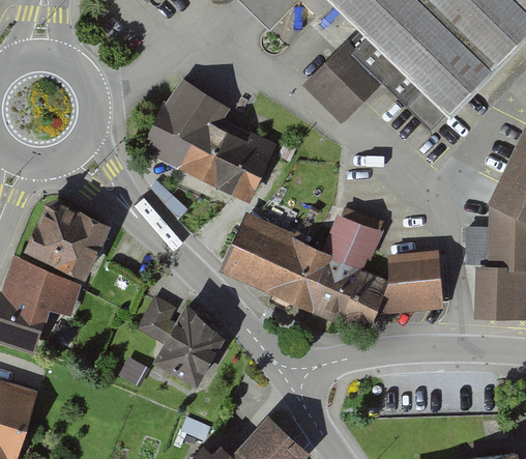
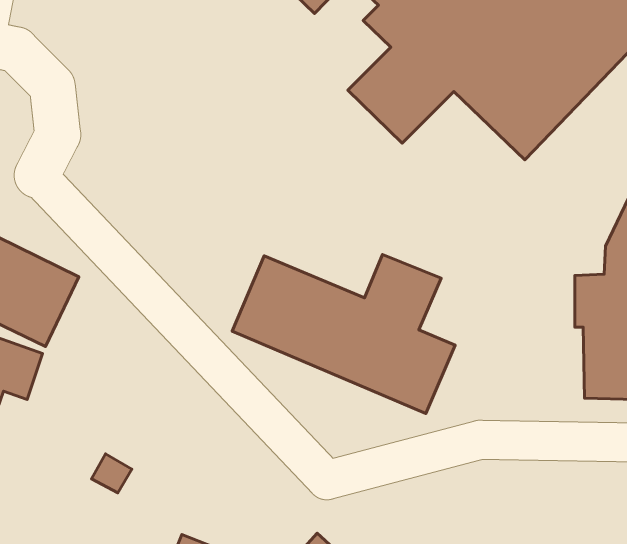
building: [147,84,287,206] -> none
building: [384,251,438,305] -> none
building: [136,297,228,390] -> none

